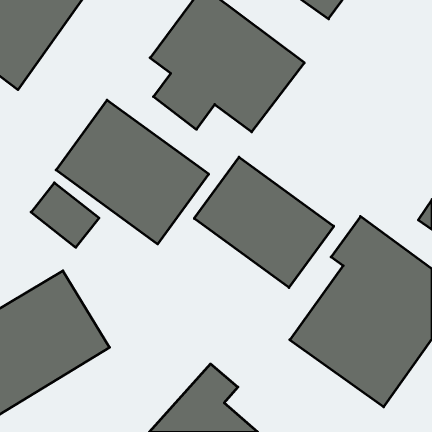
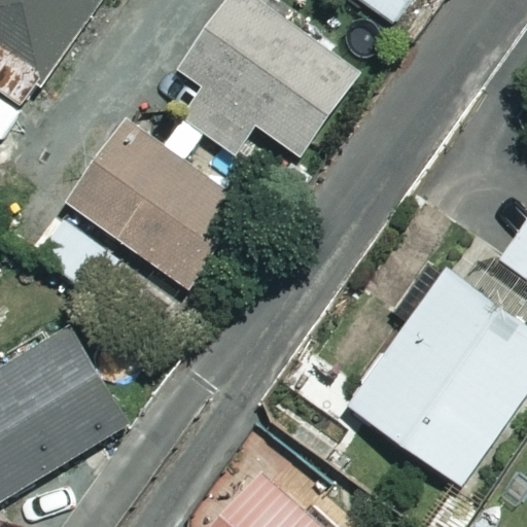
building: [194,157,334,288] -> none

